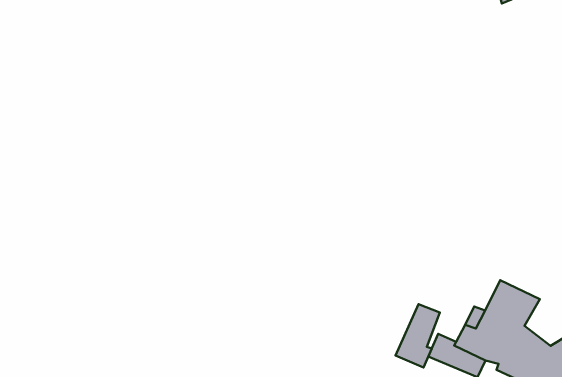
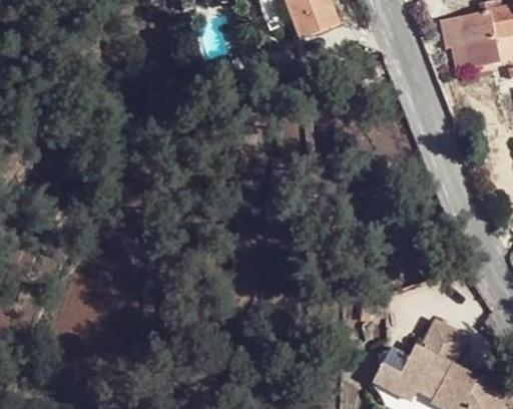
building: [396,304,440,368] -> none

